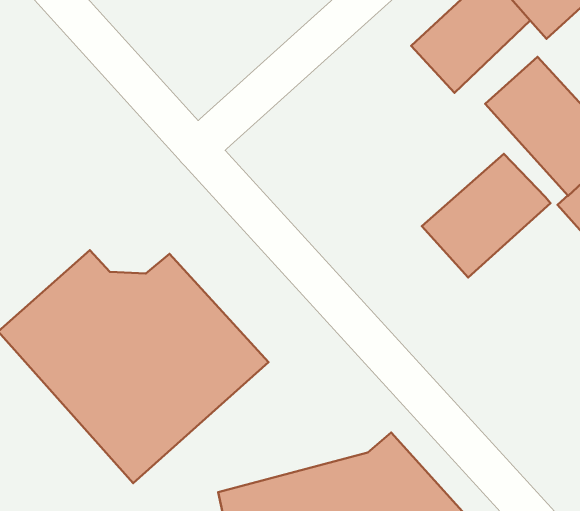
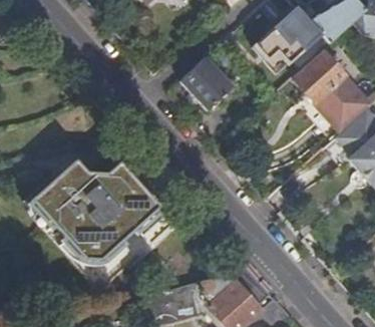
building: none -> [179,55,232,108]
building: [422,154,551,278] -> none

